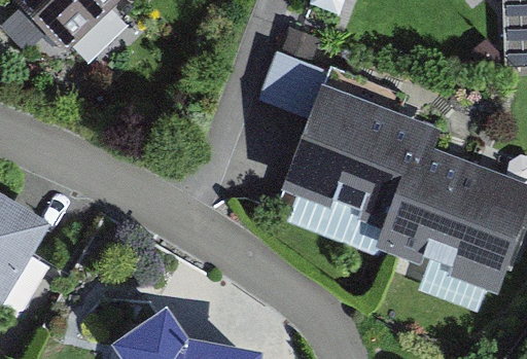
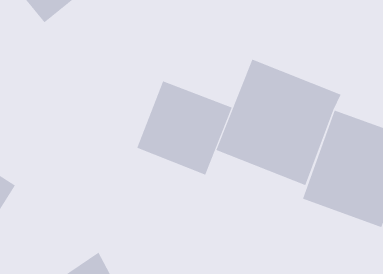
building: none -> [136,81,232,175]

